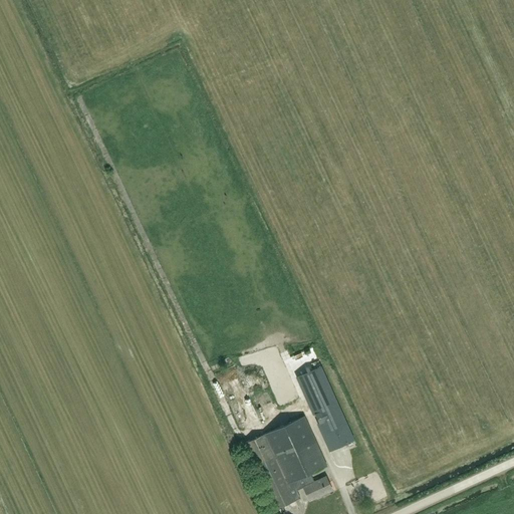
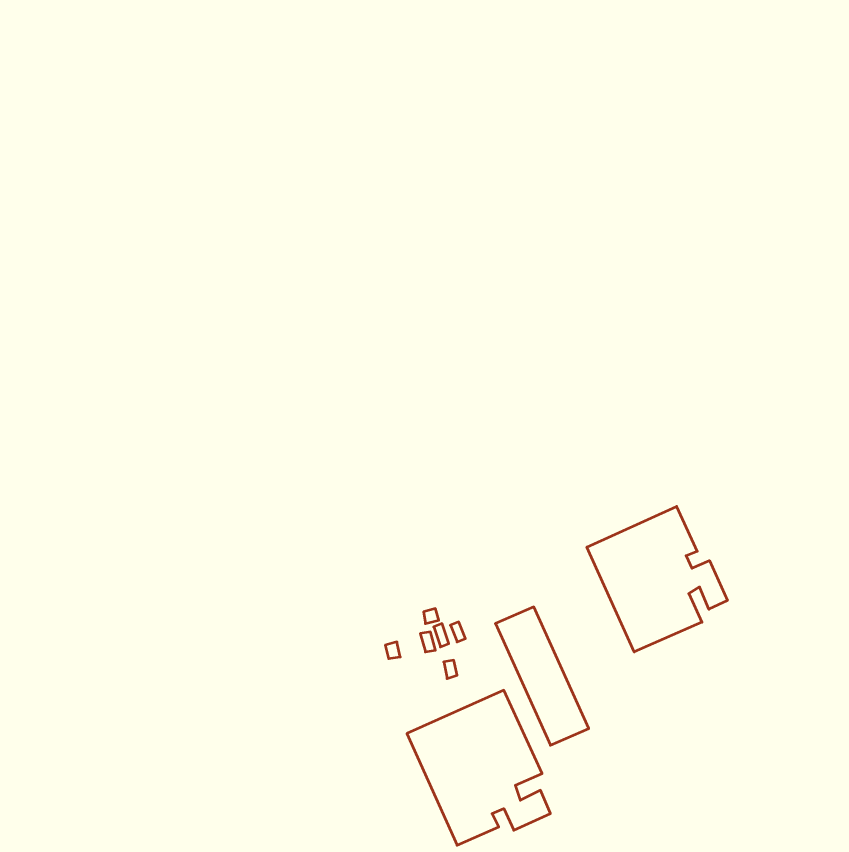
building: none -> [587,506,727,652]

